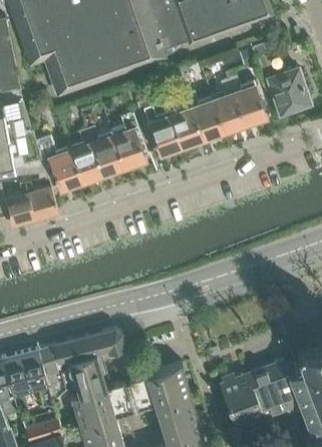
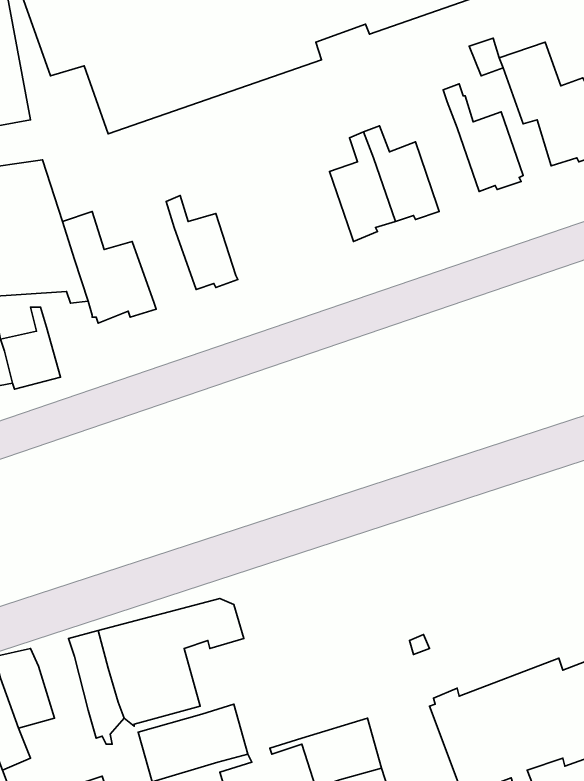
building: [212,80,244,135] -> none
building: [142,107,181,155] -> none
building: [111,114,147,169] -> none
building: [69,130,101,184] -> none
building: [23,182,56,218] -> none
building: [18,350,52,407] -> none
building: [130,365,188,405] -> none

